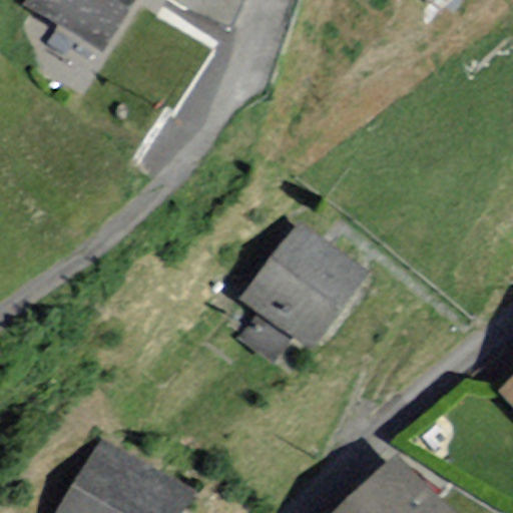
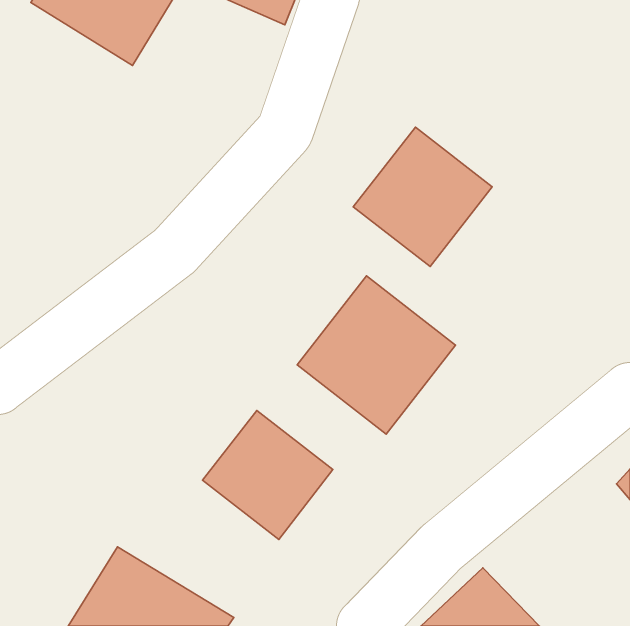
building: none -> [353,127,492,267]
building: none -> [203,410,333,539]

